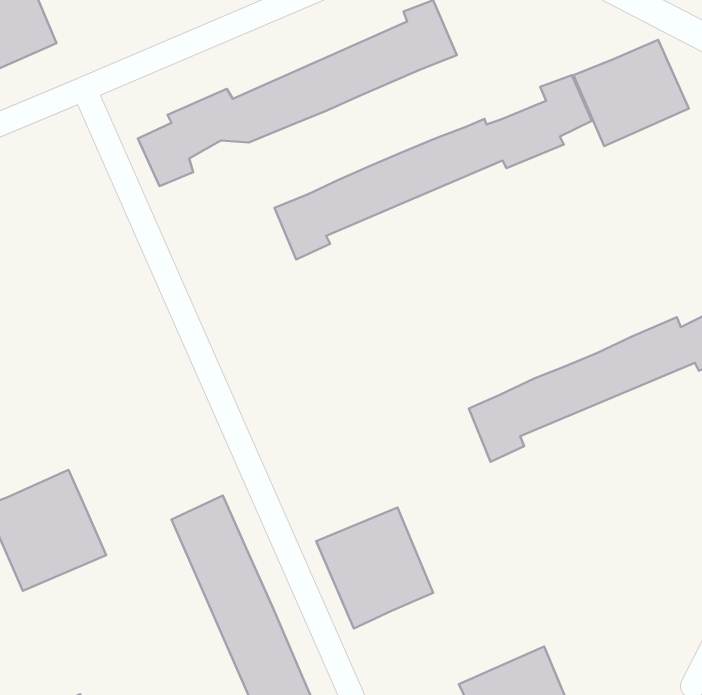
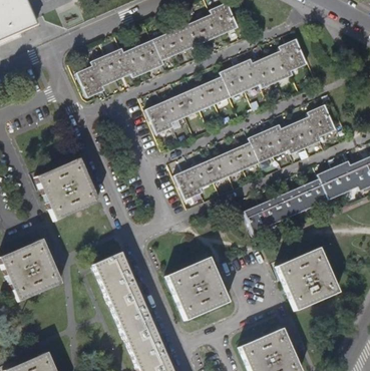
building: [573,40,689,146] -> none
building: none -> [175,103,336,199]
building: none -> [37,157,98,220]
building: none -> [278,248,339,309]

